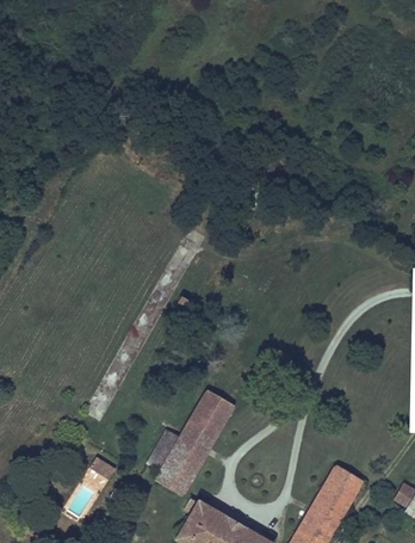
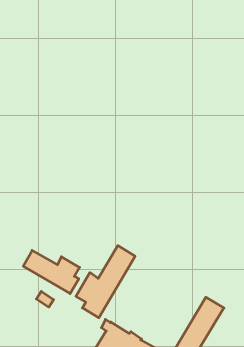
building: none -> [23,250,80,294]

